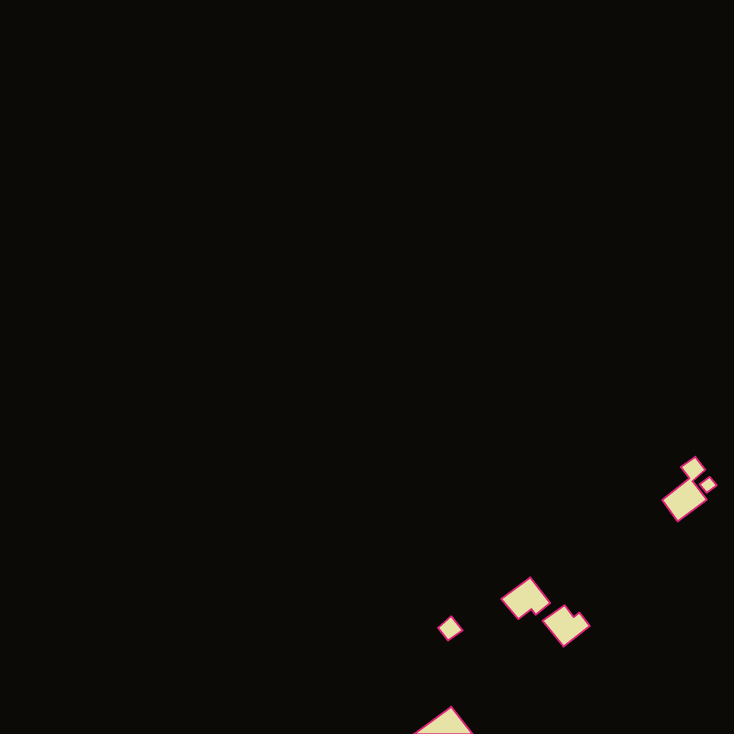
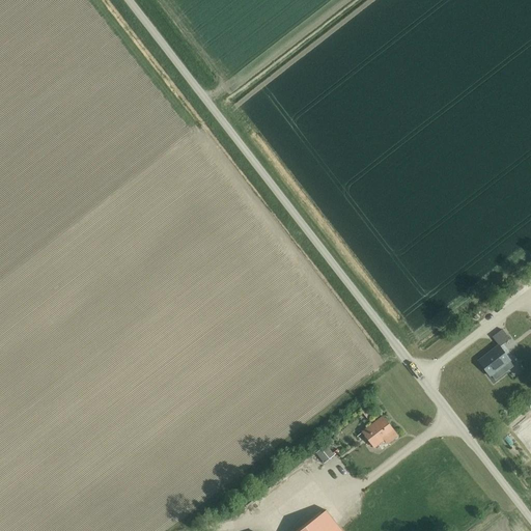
building: [543,605,590,647] -> none

